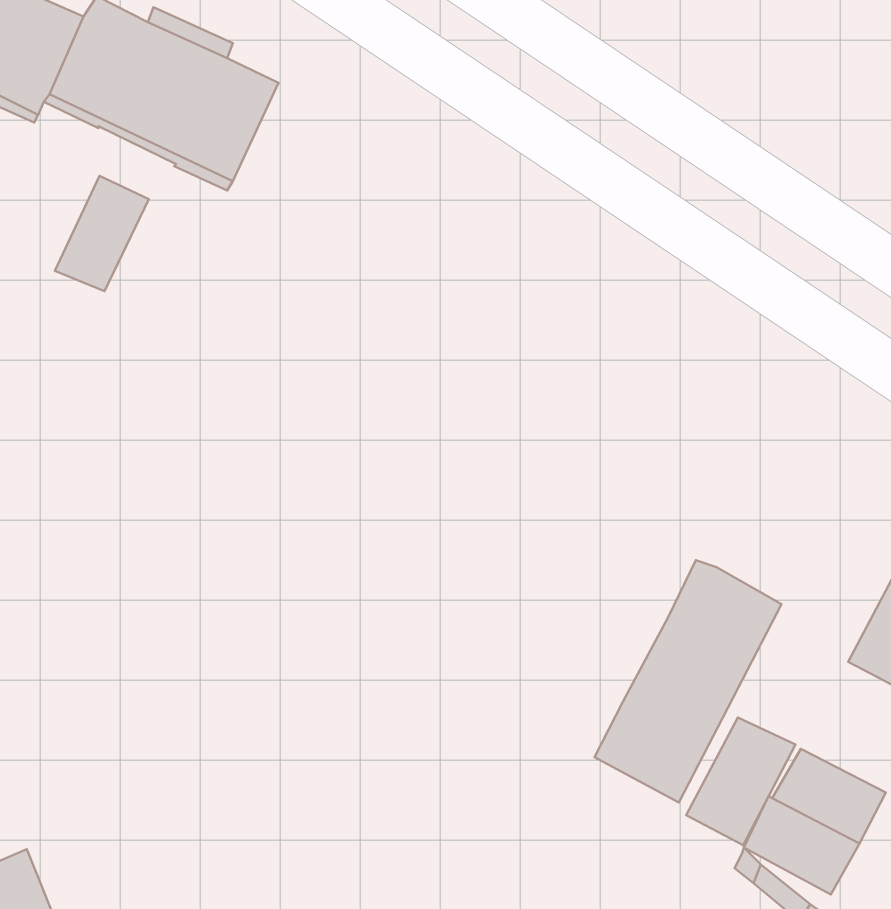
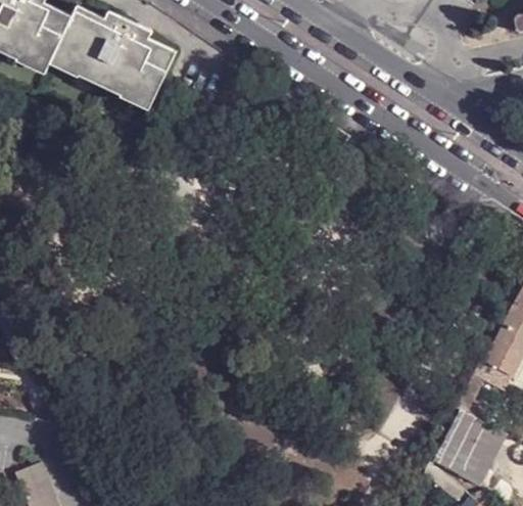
building: [55,176,149,291] -> none
building: [594,560,782,802] -> none
building: [686,718,795,845] -> none

